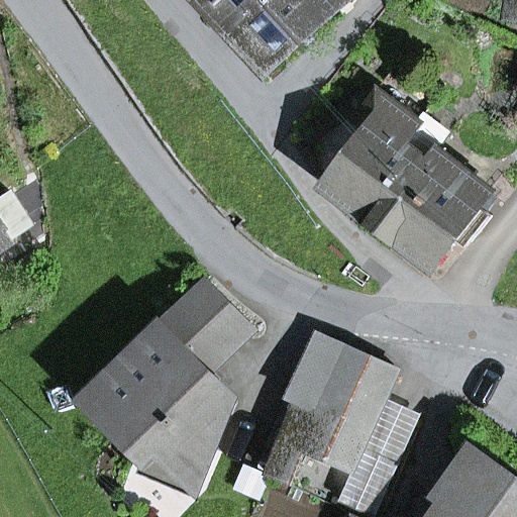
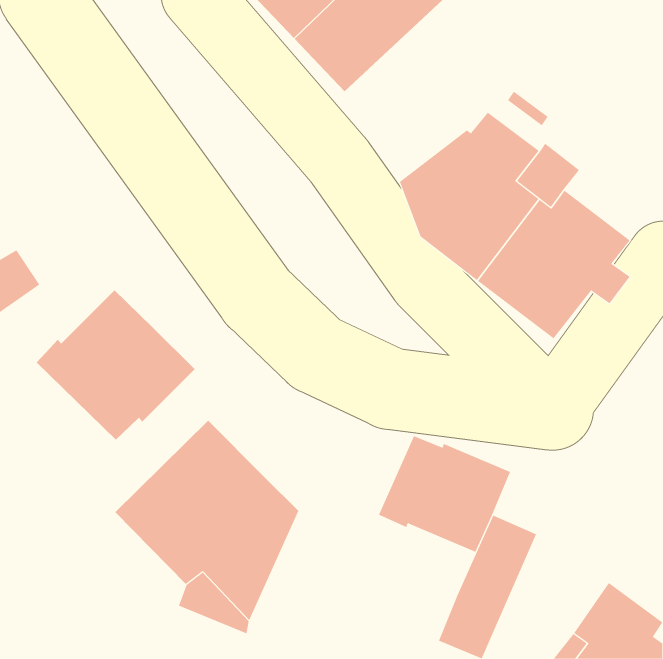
building: none -> [36,290,196,441]
building: [162,283,249,371] -> none
building: [264,400,370,480] -> none

